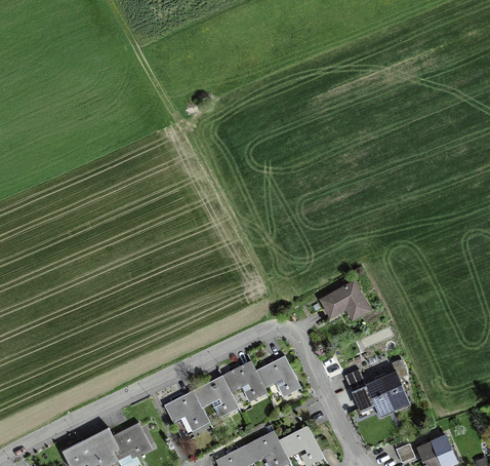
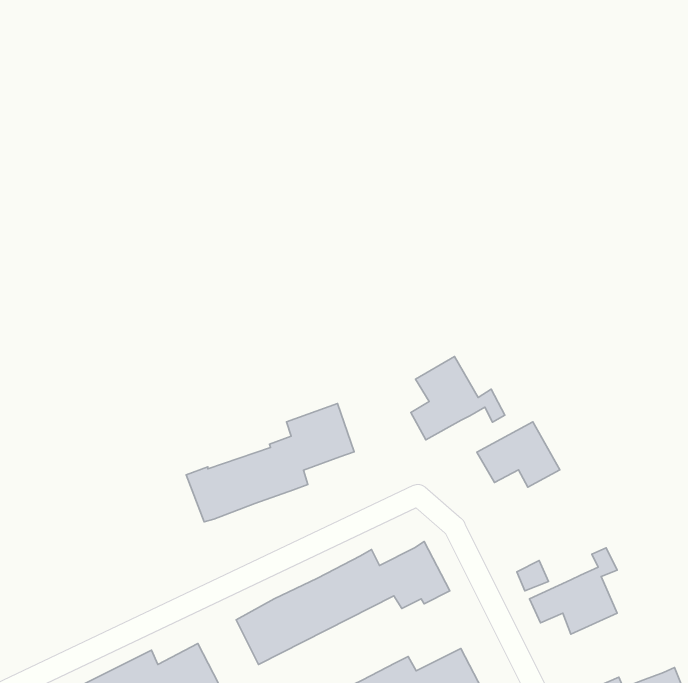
building: none -> [411,356,505,440]
building: none -> [186,403,354,522]

